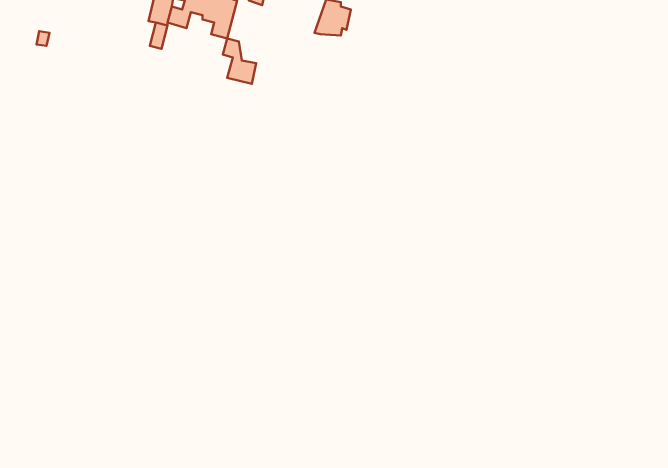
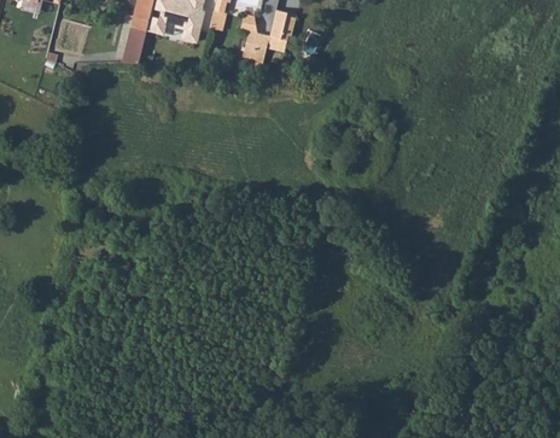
building: [223,39,256,84] -> [239,16,267,53]

